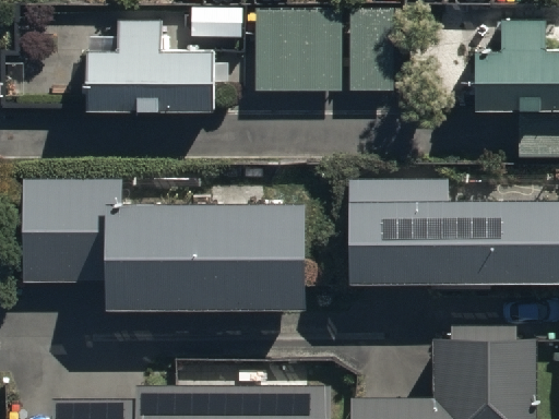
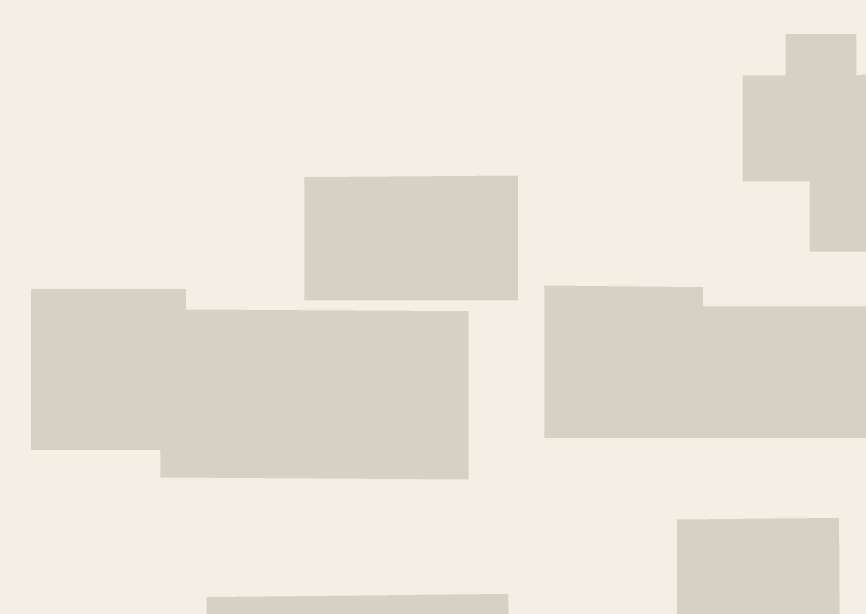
building: [87,13,243,110] -> none
building: [258,17,394,97] -> [304,175,519,301]

